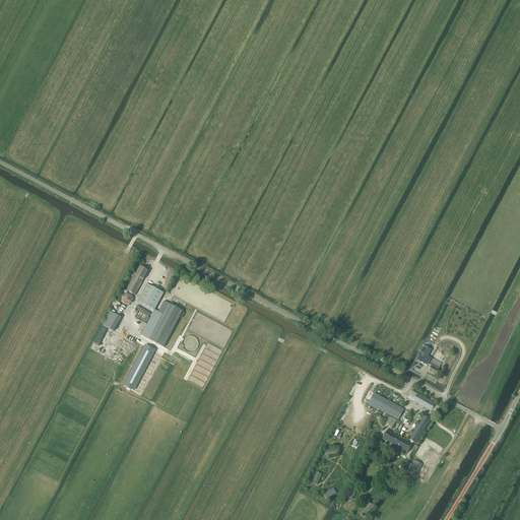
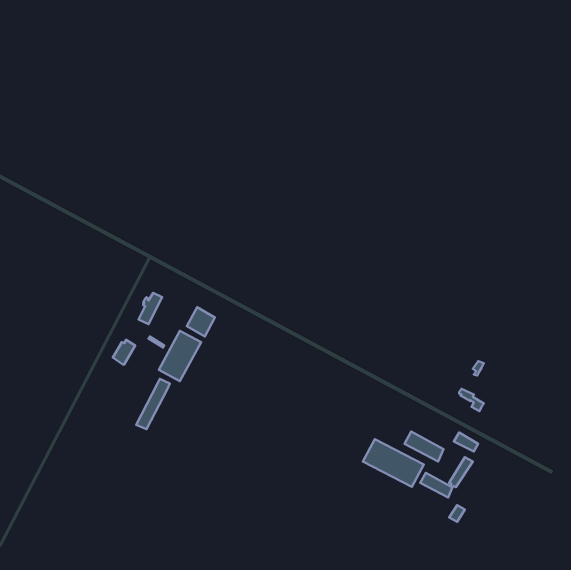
building: [138,283,164,310] -> [187,307,215,336]
building: none -> [363,439,424,487]

